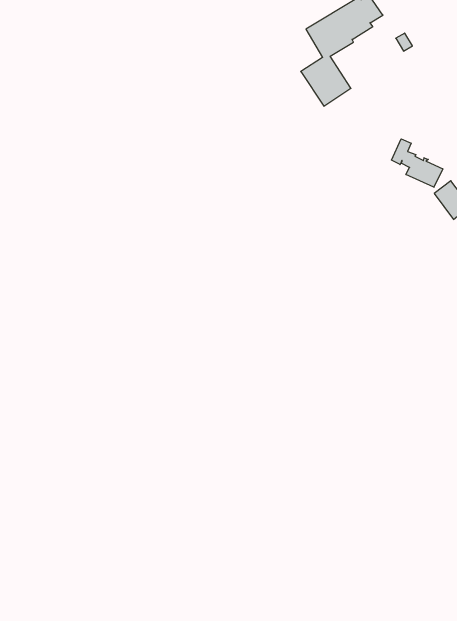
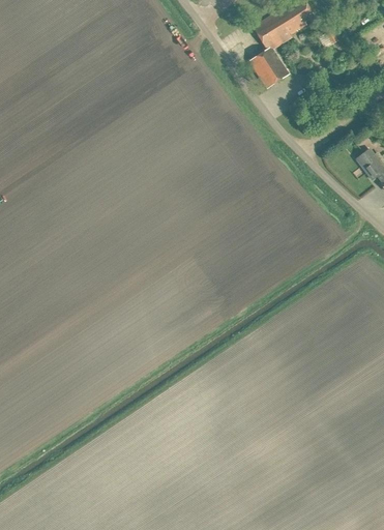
building: [392,139,443,187] -> none

